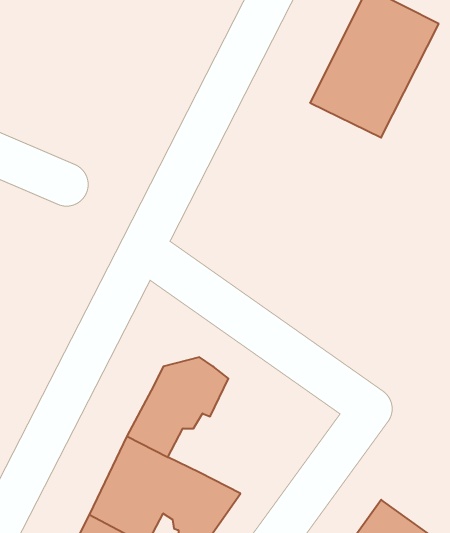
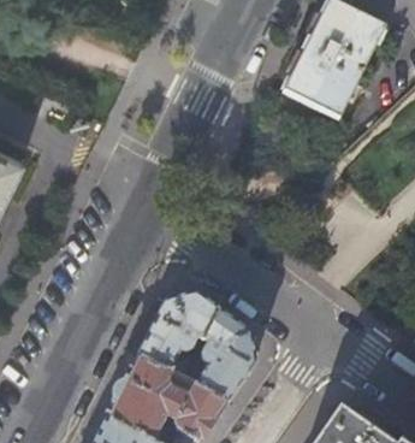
building: none -> [196,311,255,402]

